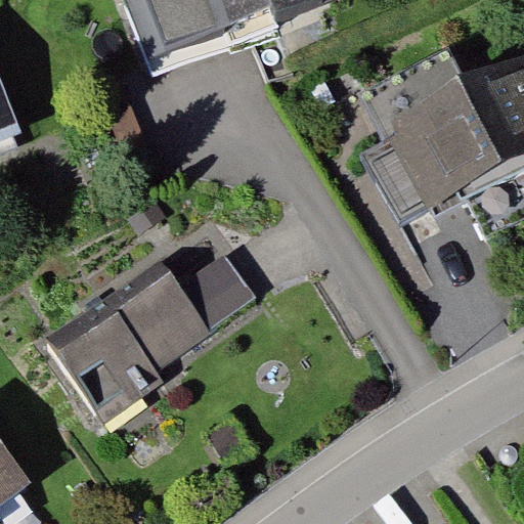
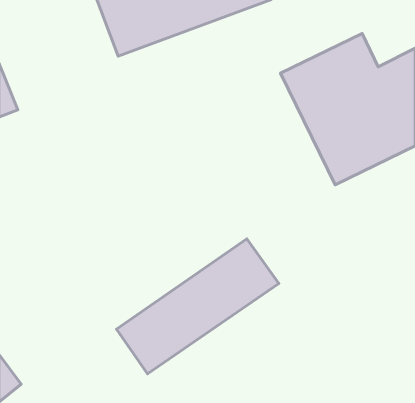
building: [55,245,259,414] -> [117,239,279,374]

